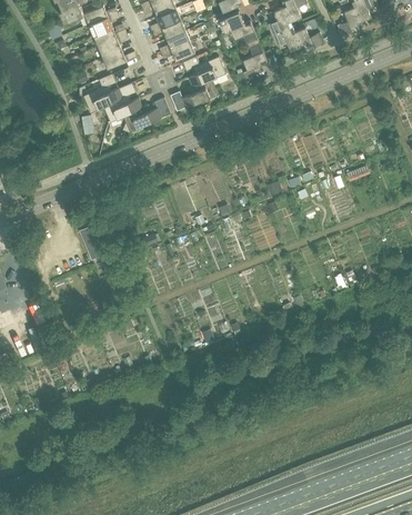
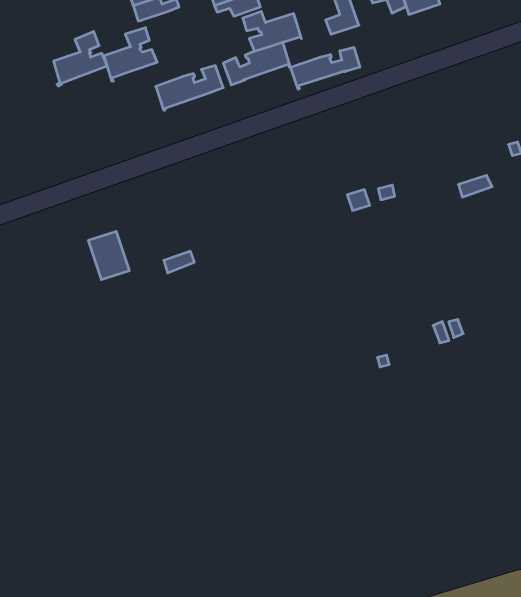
building: none -> [290,47,360,89]
building: [103,82,142,123] -> [54,31,107,86]

